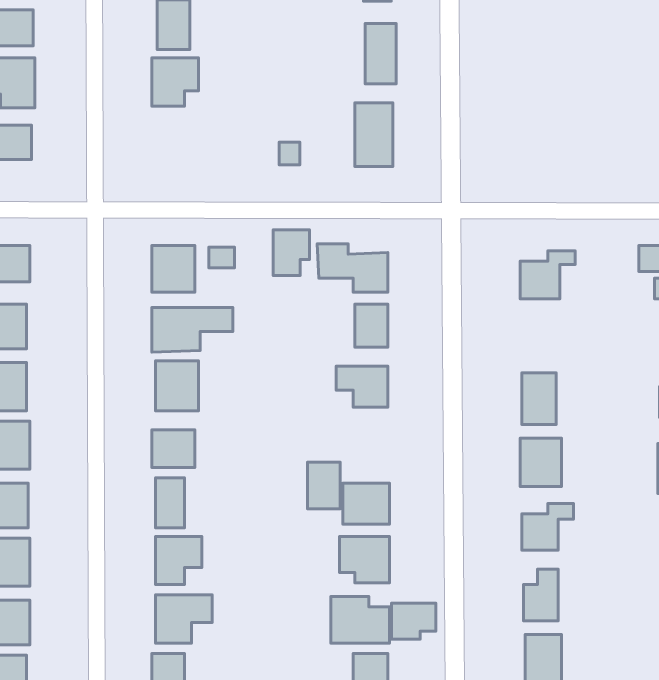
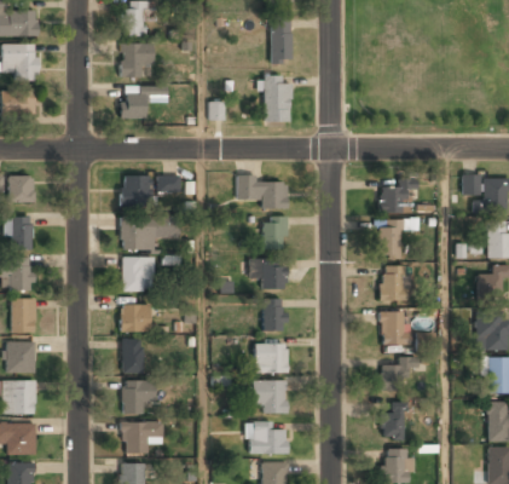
building: none -> [122,85,164,119]
building: [273,230,309,275] -> none
building: none -> [377,219,403,258]
building: [307,462,340,509] -> [264,298,287,330]
building: [392,603,436,639] -> none

